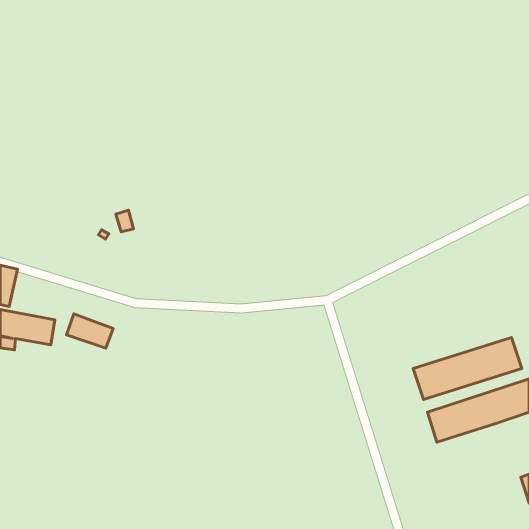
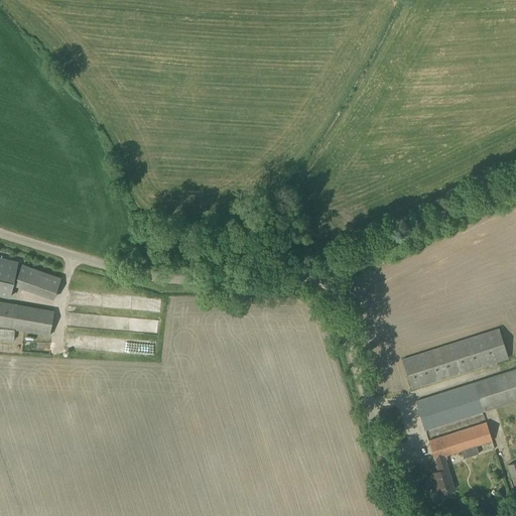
building: [67,314,113,348] -> [15,265,60,298]
building: none -> [428,422,492,495]

